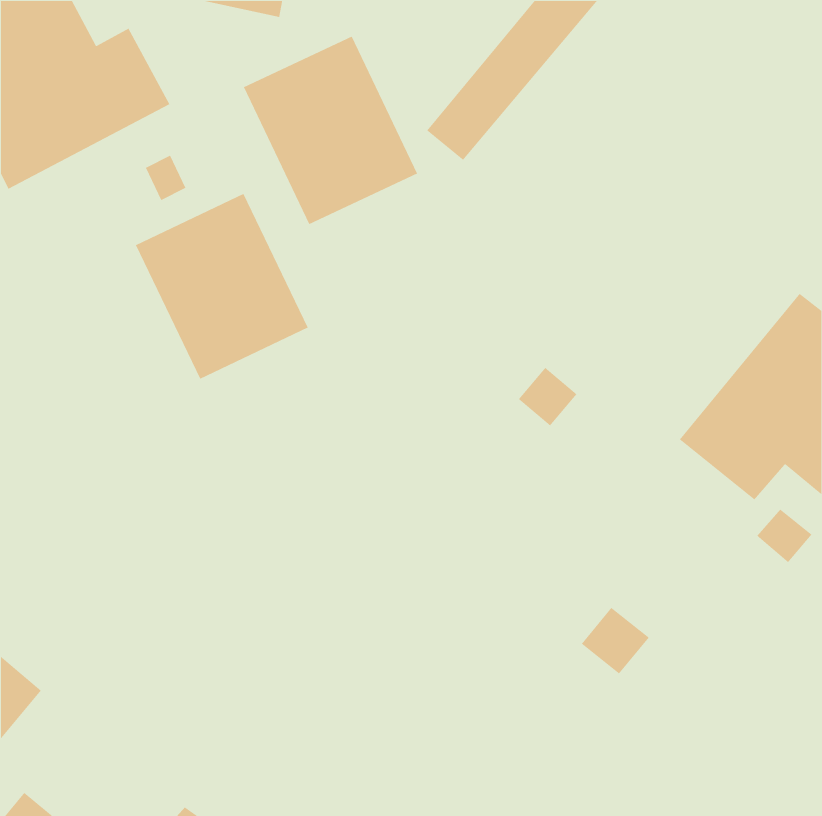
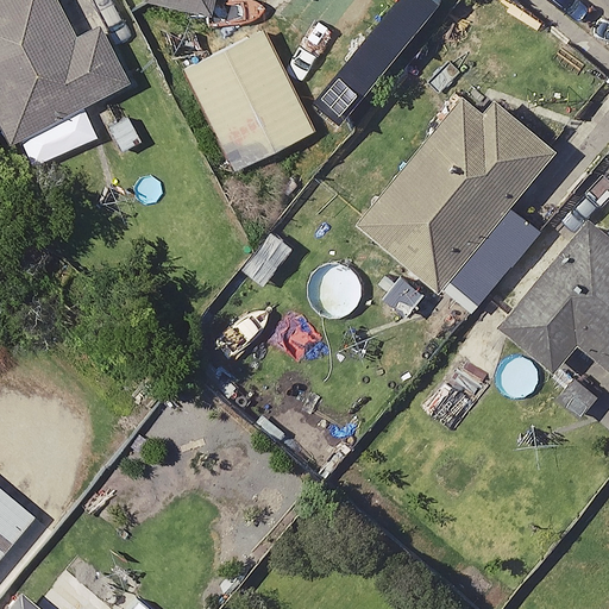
building: none -> [358,96,558,293]
building: [135,193,309,380] -> none

